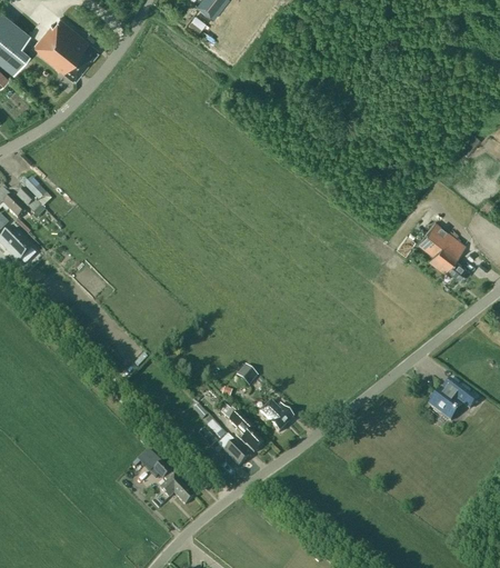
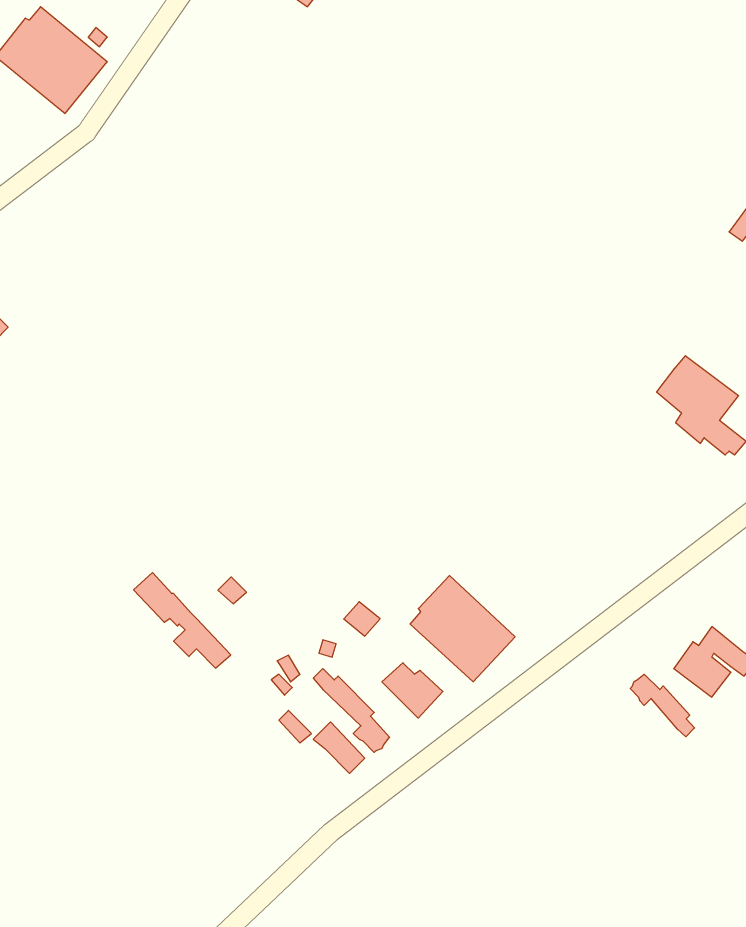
building: none -> [410,576,515,682]
building: none -> [630,674,695,737]
building: [138,448,194,504] -> [134,573,231,668]

